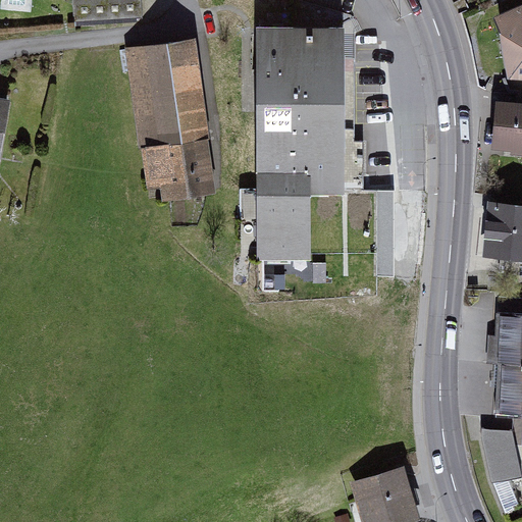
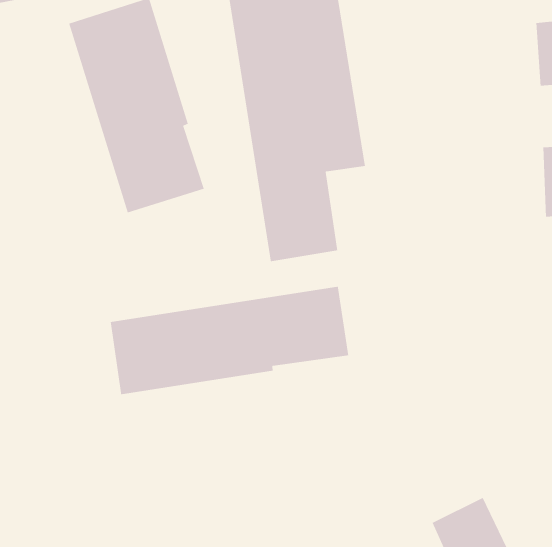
building: none -> [110,286,349,395]

